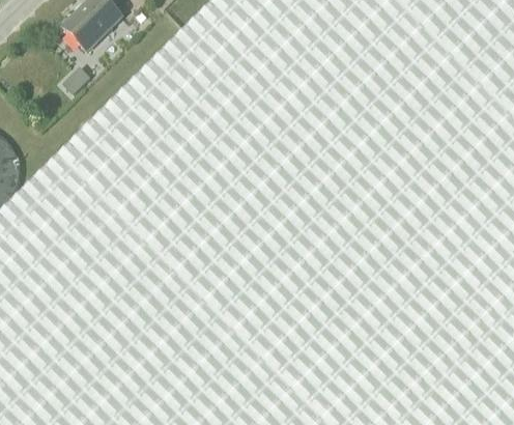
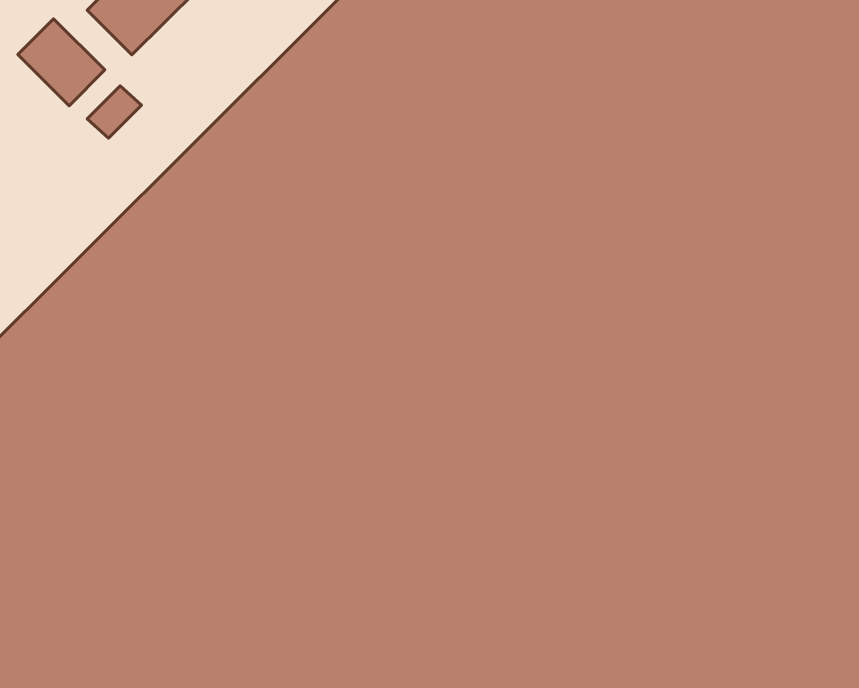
building: none -> [18,19,105,106]

